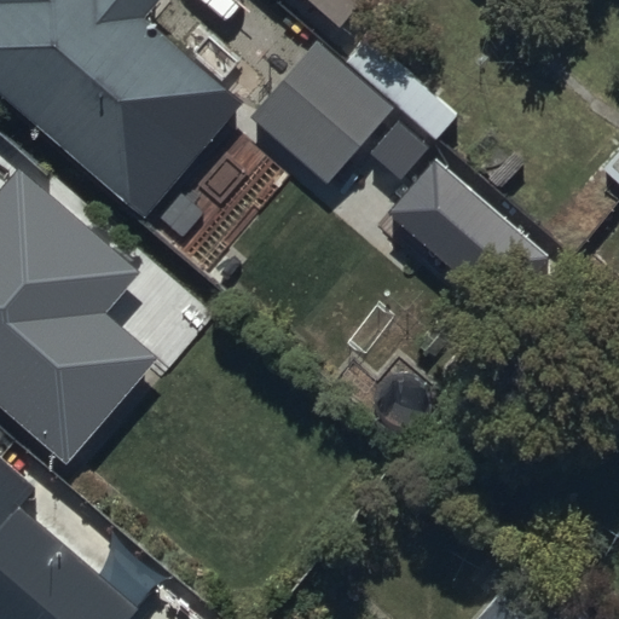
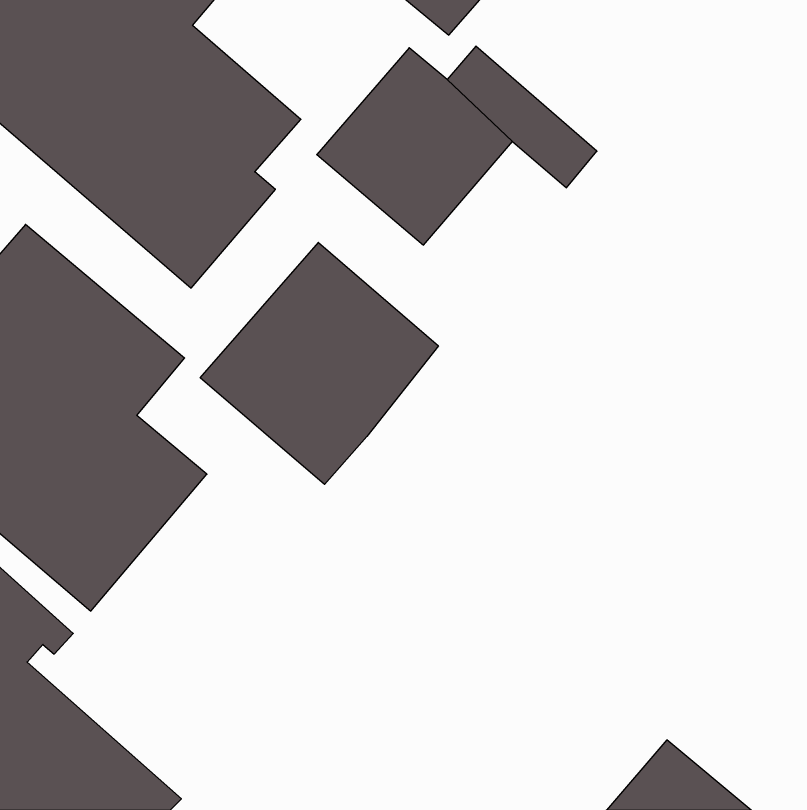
building: [383,157,544,311] -> none
building: none -> [200,242,438,484]

